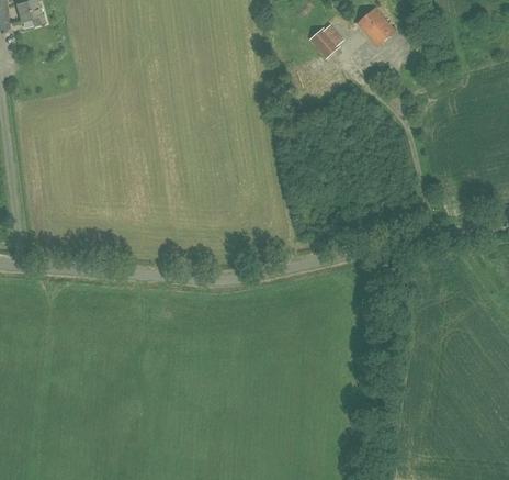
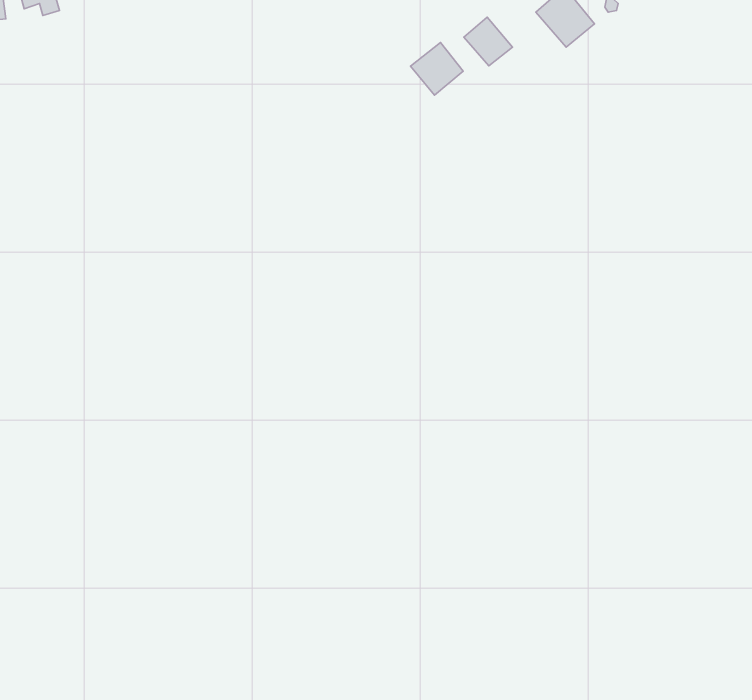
building: none -> [410,43,463,95]

